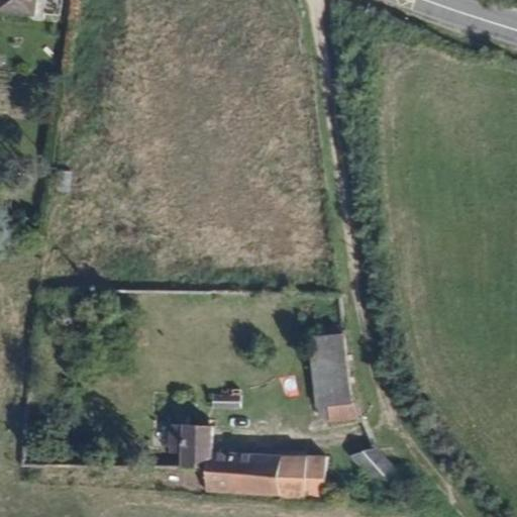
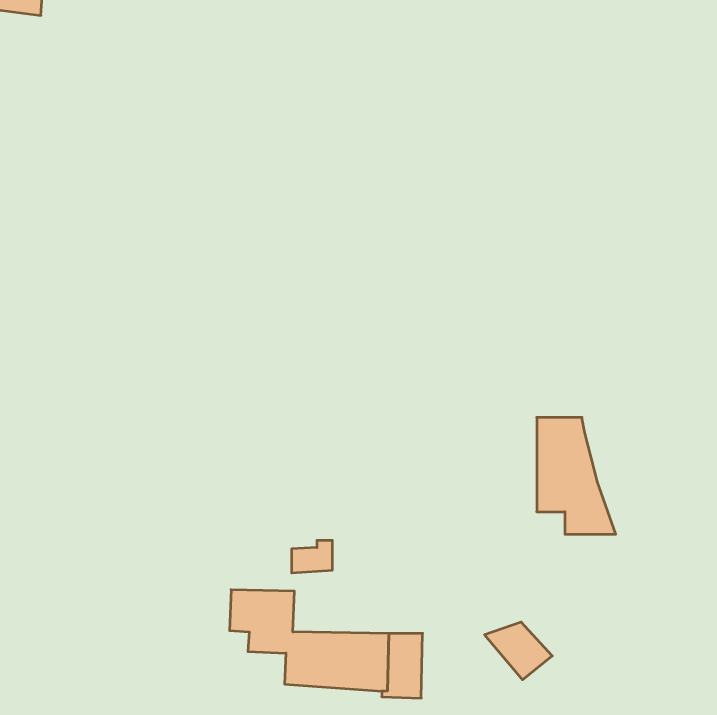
building: [308,329,365,413] -> [537,417,616,534]
building: [302,454,324,502] -> none

